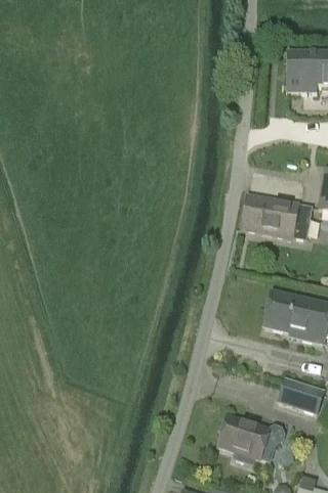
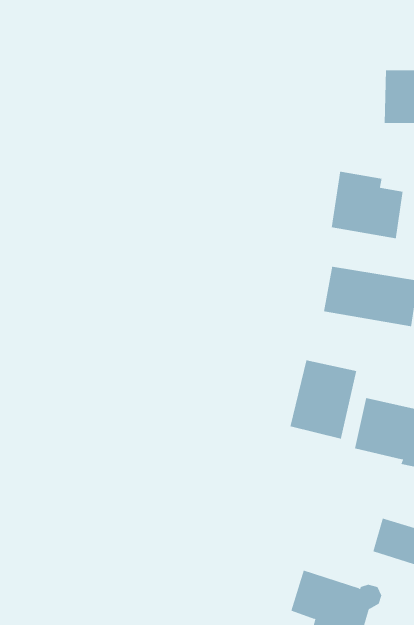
building: none -> [331,171,403,239]
building: none -> [290,360,357,439]

